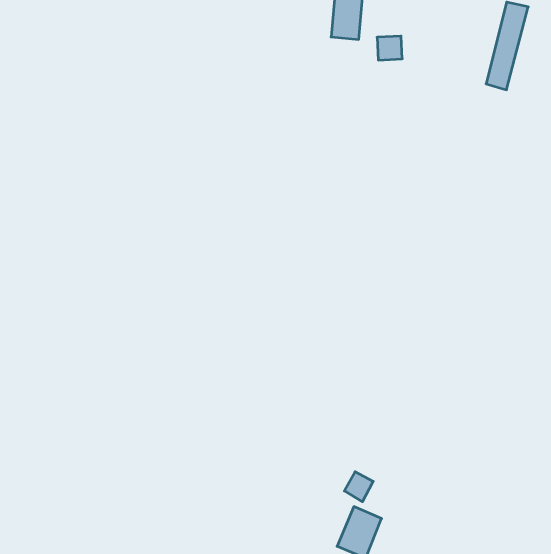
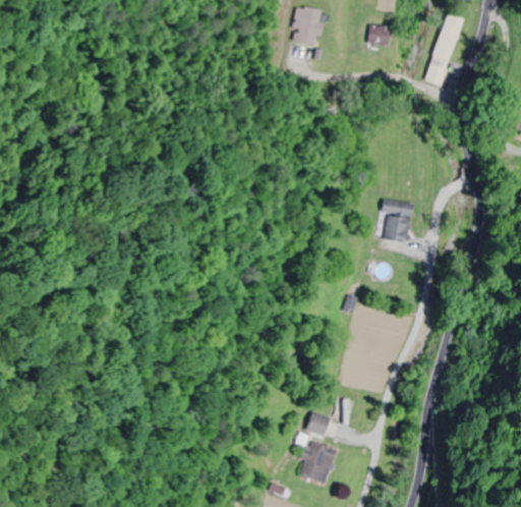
building: [377,36,402,60] -> [367,25,389,46]
building: none -> [381,200,412,244]

